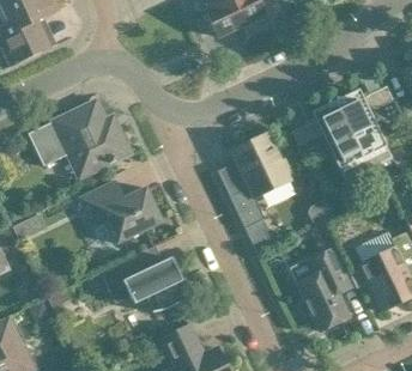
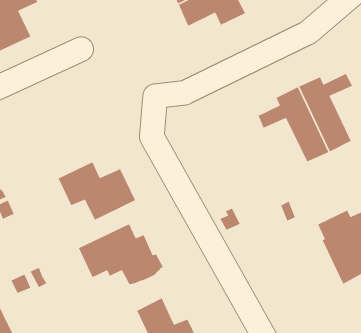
building: [28,99,131,177] -> none
building: [229,132,290,227] -> none
building: [297,248,350,330] -> none

